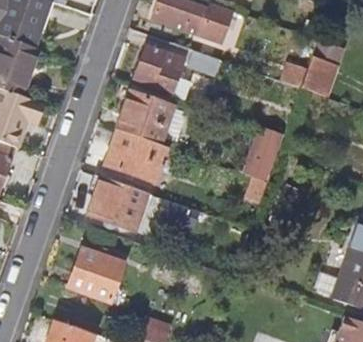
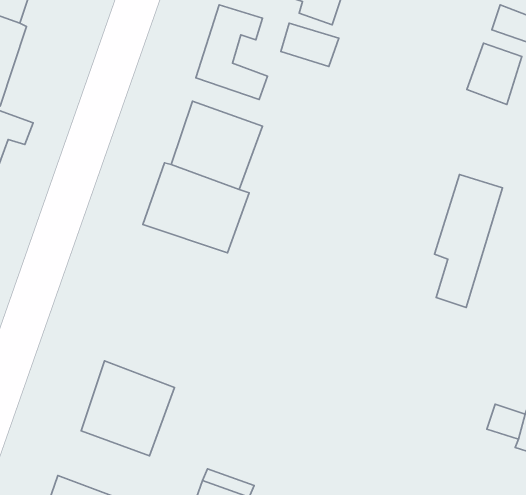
building: [245,120,286,200] -> [434,174,503,308]
building: [86,175,146,229] -> none

